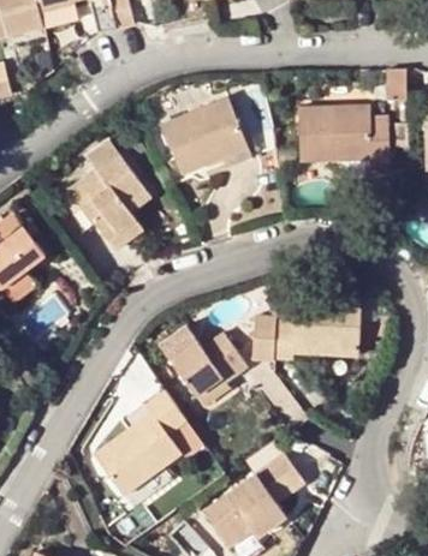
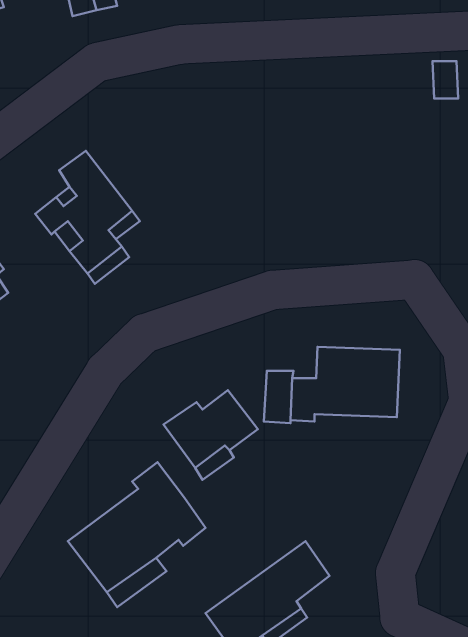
building: [161,98,249,172] -> none
building: [298,106,388,165] -> none

